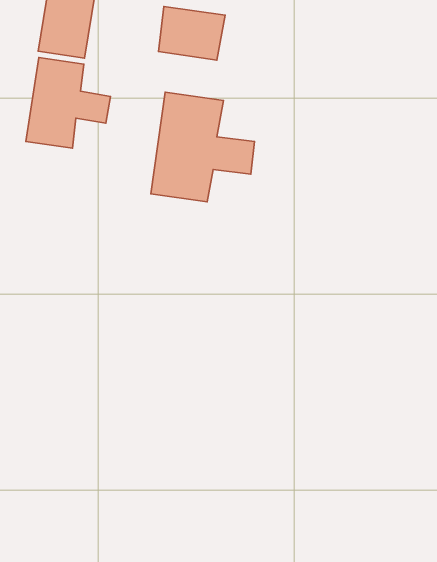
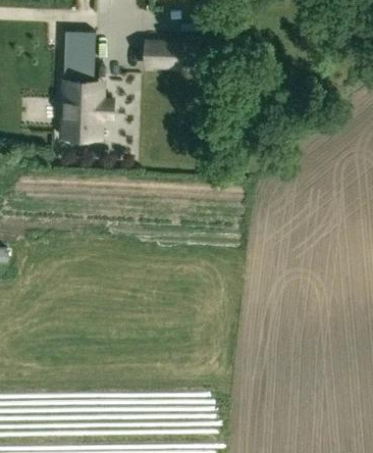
building: [151,92,255,202] -> none

